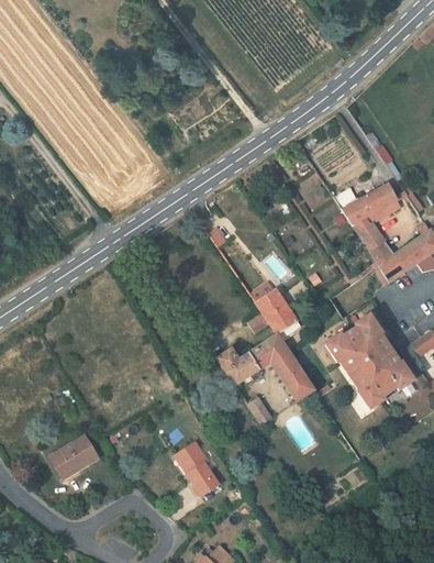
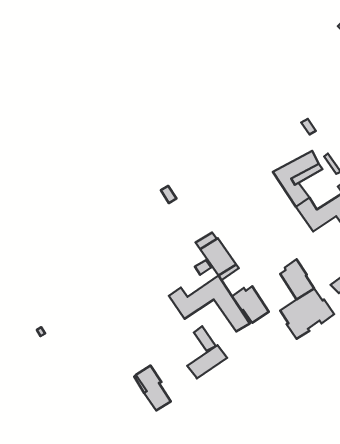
building: [326,331,370,375] -> [232,286,269,323]
building: none -> [187,345,227,378]
building: [51,435,98,476] -> none

